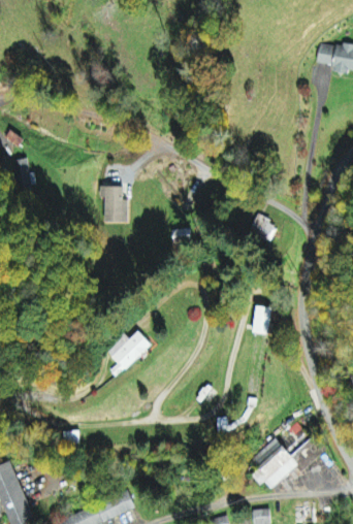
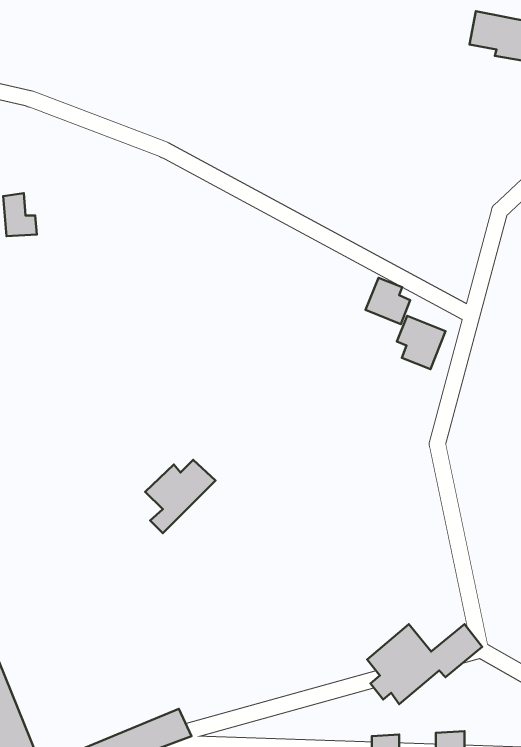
building: [98,187,127,224] -> none
building: none -> [397,316,445,369]
building: [252,306,271,334] -> none

